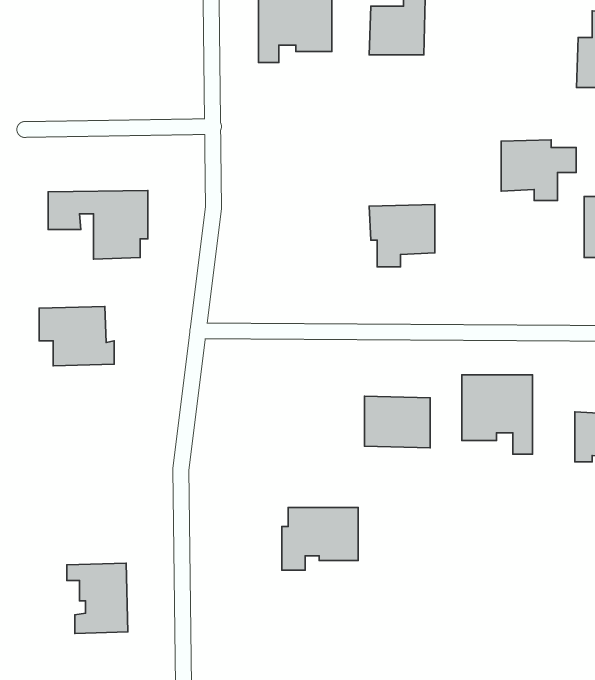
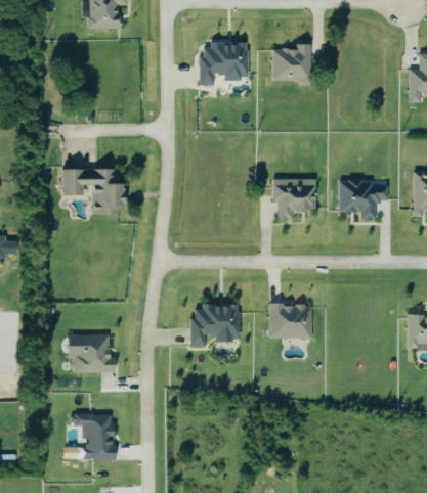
building: [501,140,576,201] -> [339,179,388,219]
building: [39,307,114,366] -> [66,333,115,372]
building: [462,375,532,454] -> none
building: [282,508,358,570] -> [190,305,241,346]

